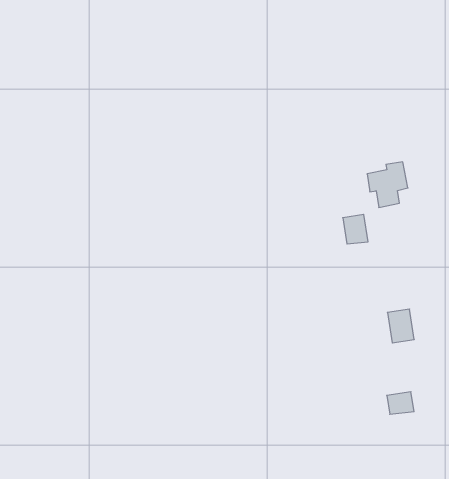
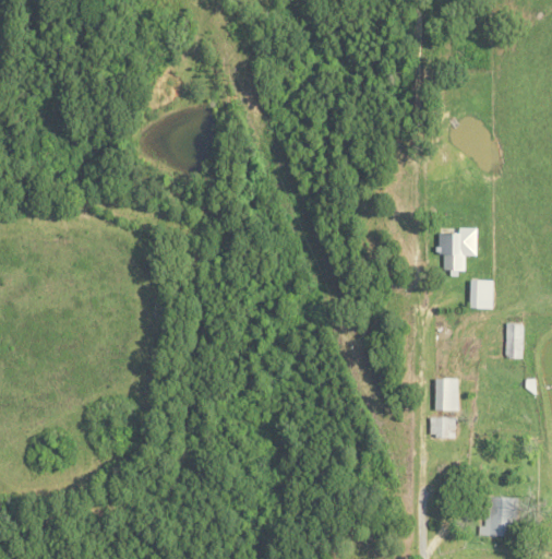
building: [343,214,368,244] -> [469,281,491,309]
building: [387,392,414,414] -> [430,417,455,438]

